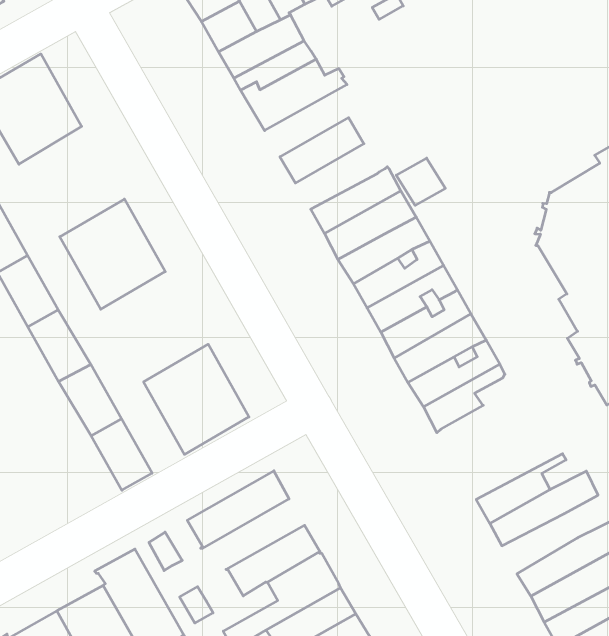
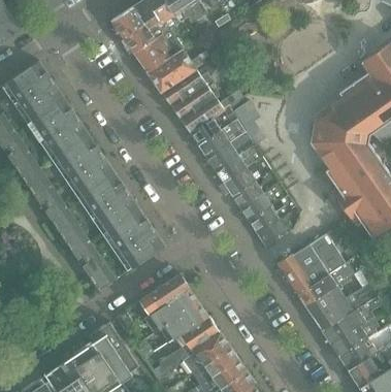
building: none -> [162,54,221,106]
building: none -> [32,98,90,158]
building: none -> [181,90,243,133]
building: none -> [82,172,140,232]
building: none -> [276,236,334,282]
building: none -> [145,289,199,333]
building: none -> [305,286,346,320]

